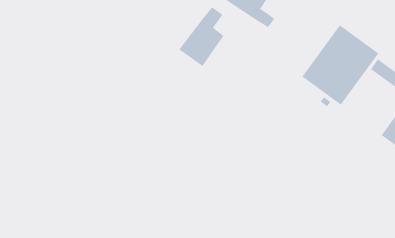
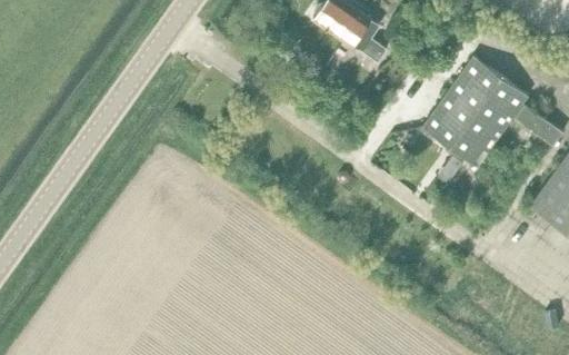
building: [179,7,224,67] -> none

